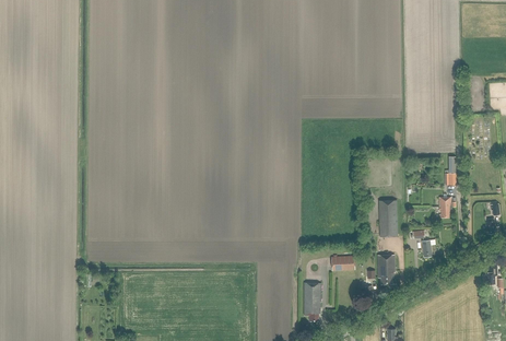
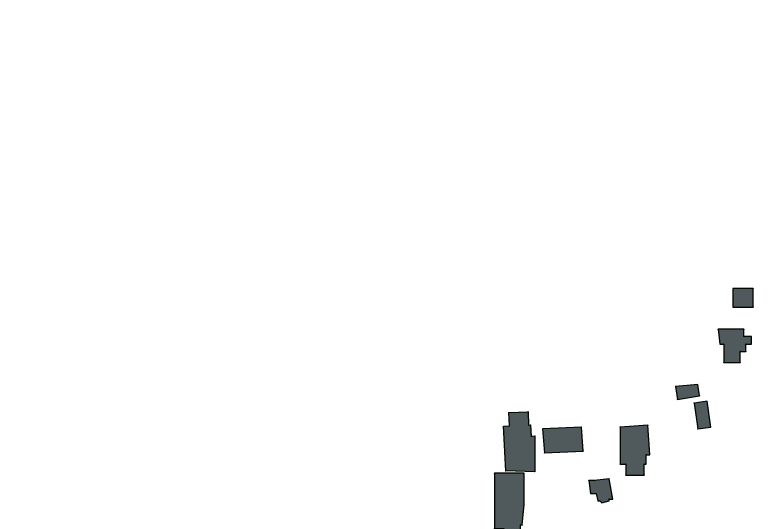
building: [379,200,399,237] -> none
building: none -> [504,412,535,472]

